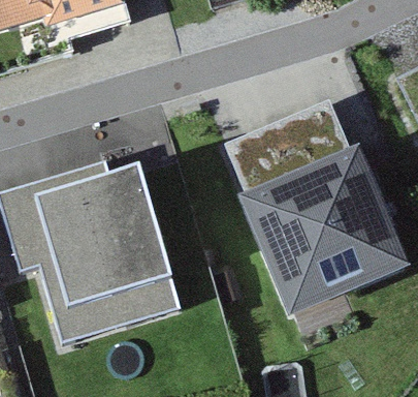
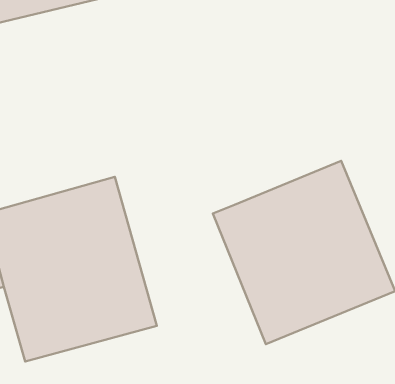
building: [229,89,363,208] -> none

